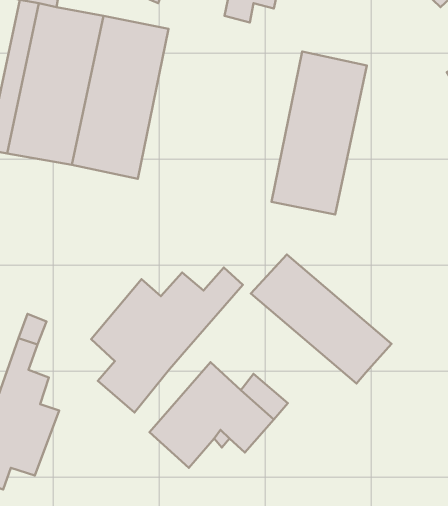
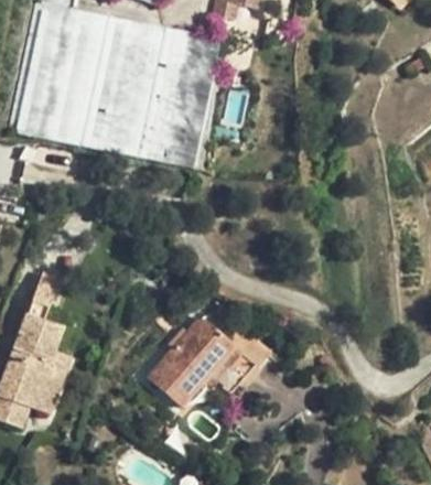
building: [272,51,367,214] -> [138,26,220,168]
building: [251,255,391,384] -> none
building: [91,268,243,412] -> none

